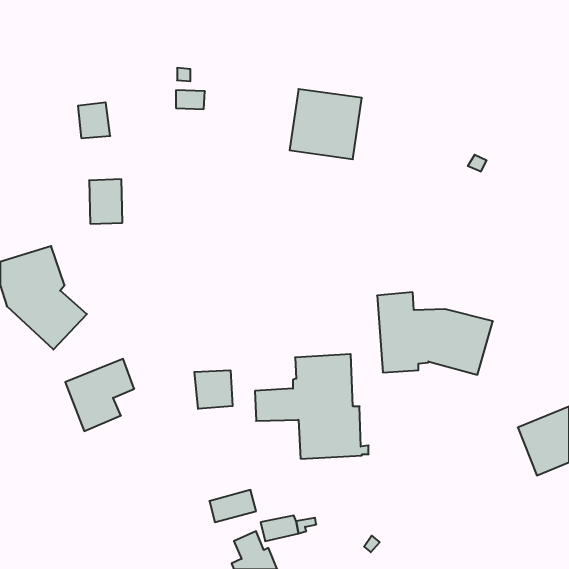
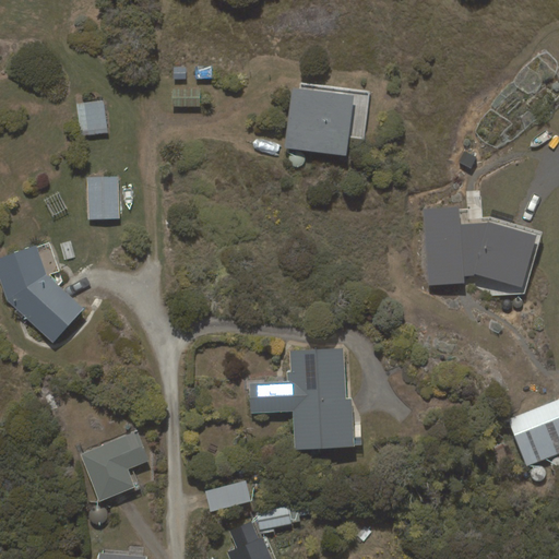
building: [377,292,493,375] -> [424,206,537,287]
building: [65,359,134,431] -> [81,431,148,502]
building: [194,370,233,409] -> none

